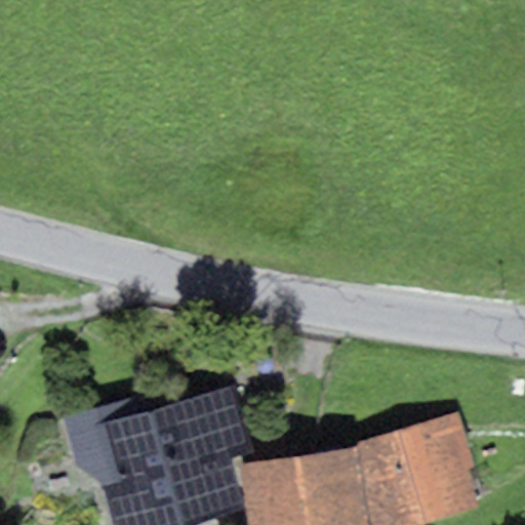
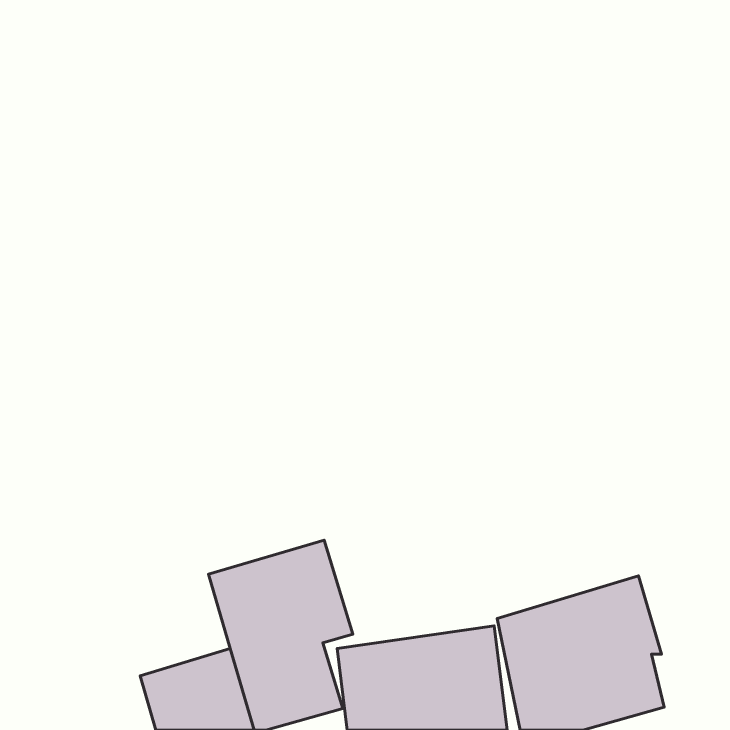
building: [62,397,165,485] -> none

